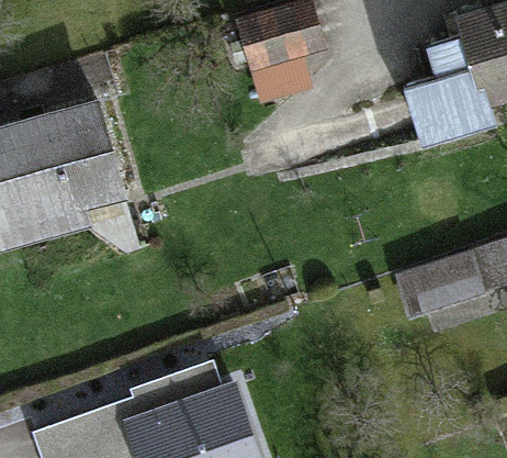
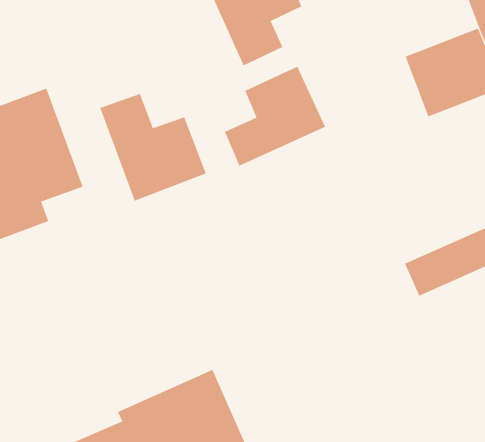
building: none -> [224,66,326,167]
building: none -> [99,93,206,201]

